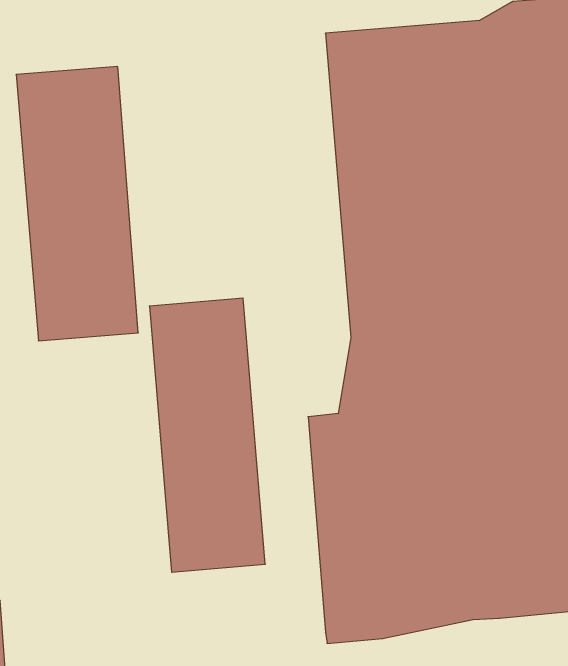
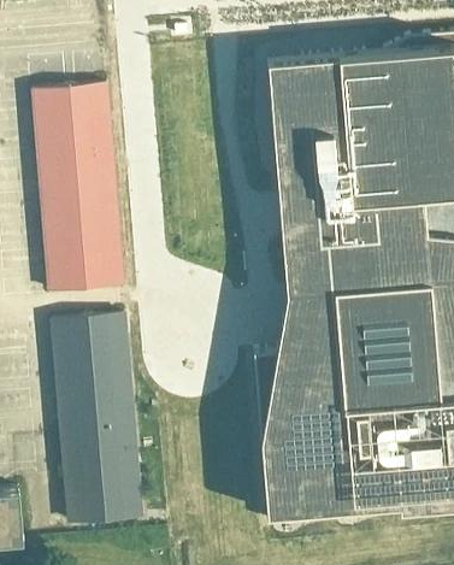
building: [149,298,265,572] -> [53,318,141,526]

